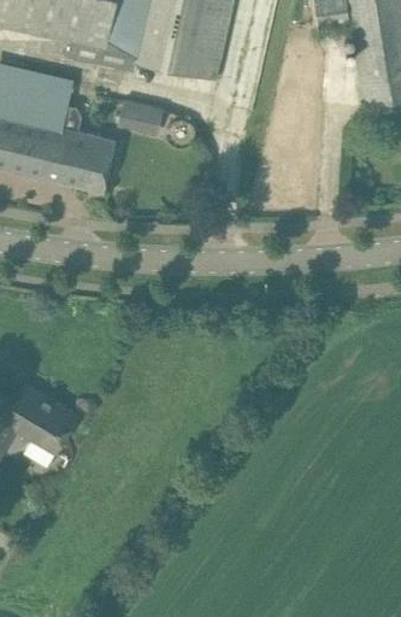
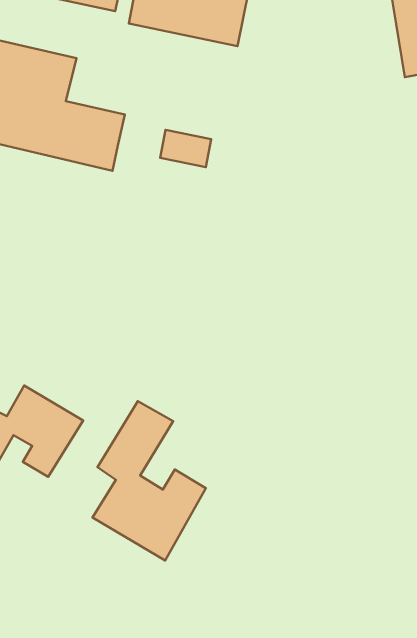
building: [113,99,159,133] -> [160,130,211,167]
building: none -> [93,401,206,560]

